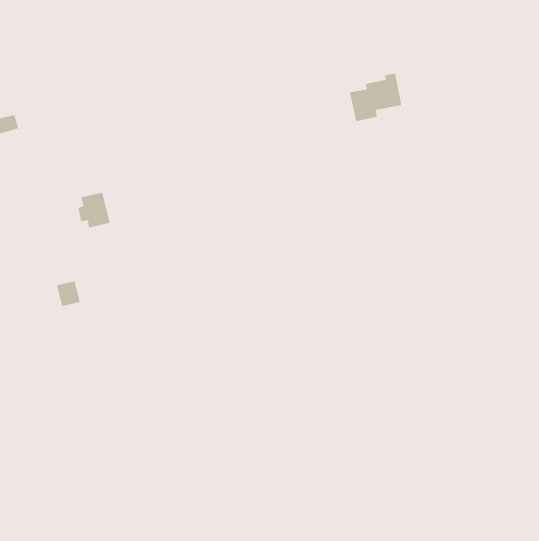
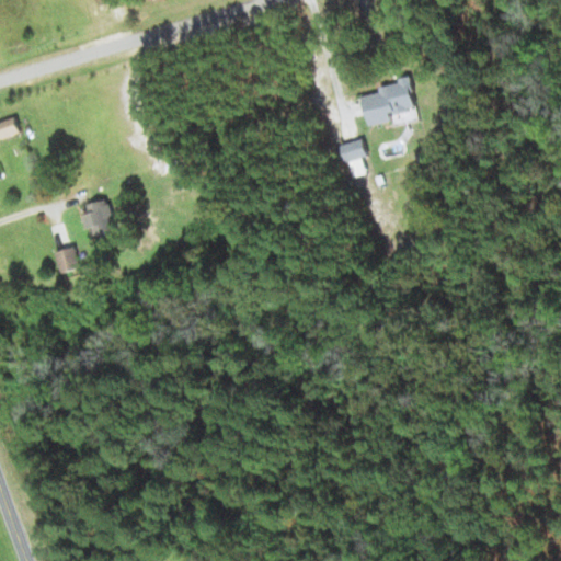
building: none -> [340,139,366,180]
building: [56,281,81,306] -> [53,248,78,274]

